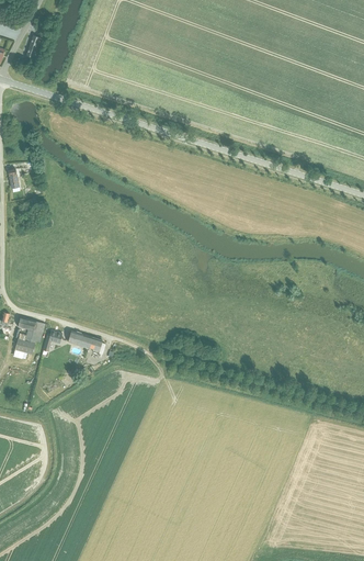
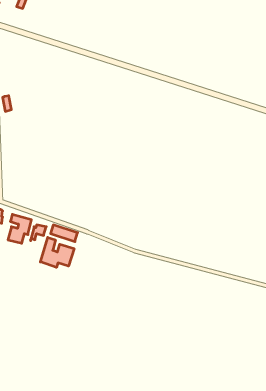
building: none -> [40,237,74,267]

